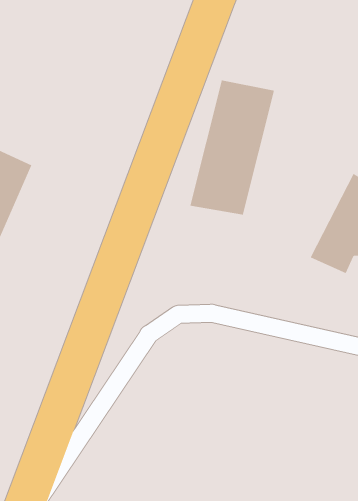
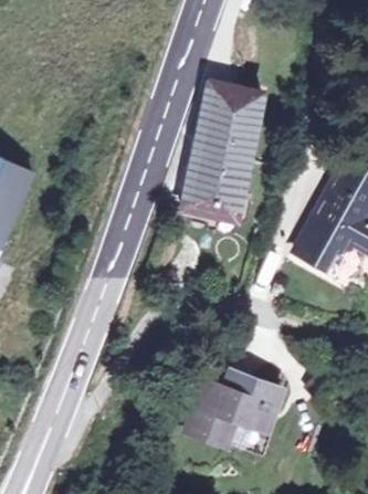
building: none -> [198,366,288,445]

